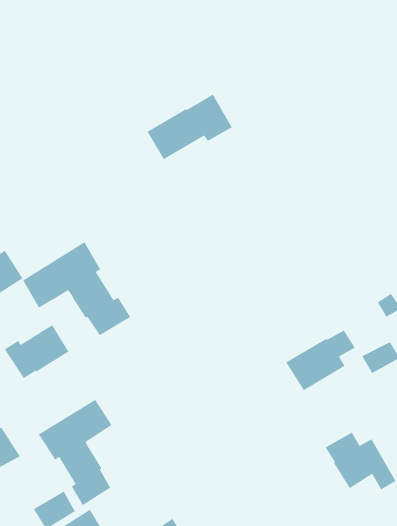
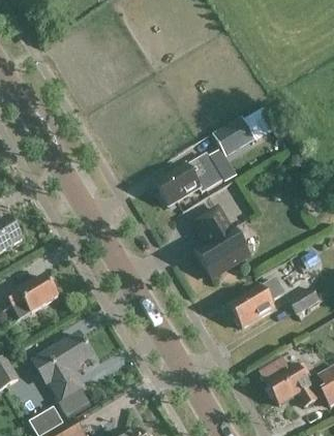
building: [146,93,233,160] -> [154,152,222,205]
building: none -> [213,115,255,155]
building: none -> [194,207,248,277]
building: [22,241,131,336] -> none

